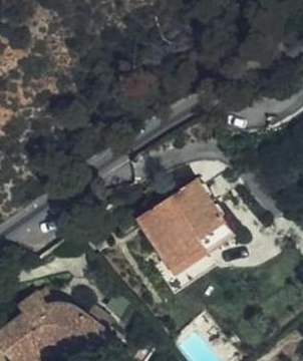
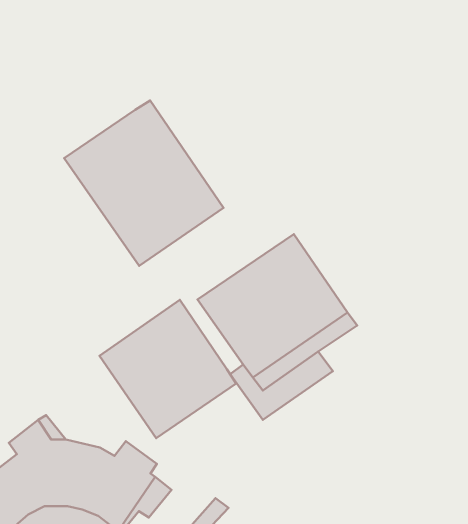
building: none -> [64,101,224,266]
building: none -> [99,300,236,438]

